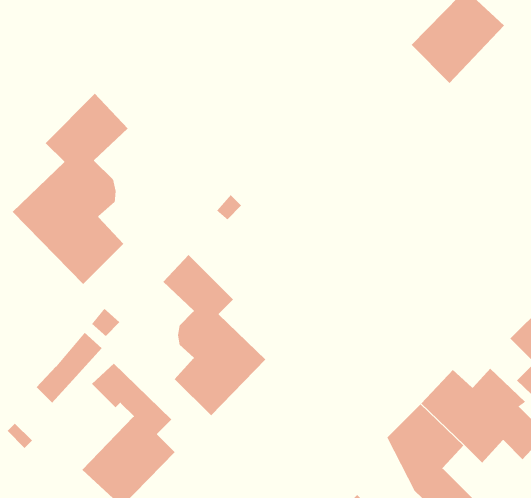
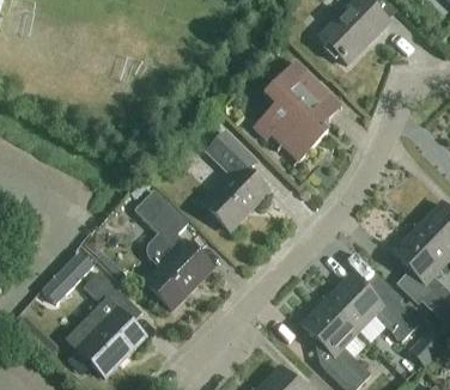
building: none -> [254,61,341,160]
building: [12,93,129,285] -> none
building: none -> [202,130,267,230]

